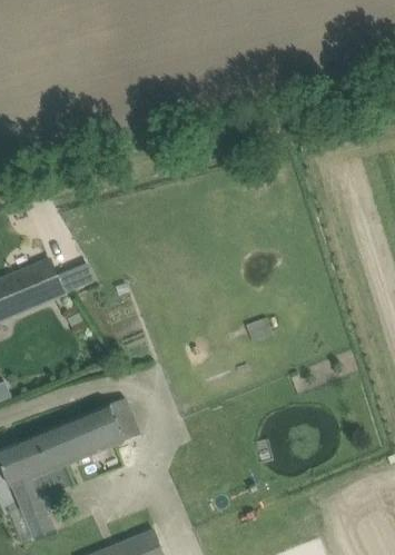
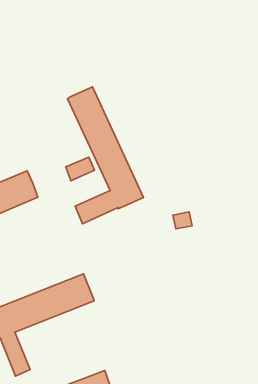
building: none -> [68,87,144,224]
building: [56,262,95,295] -> [66,157,95,181]

